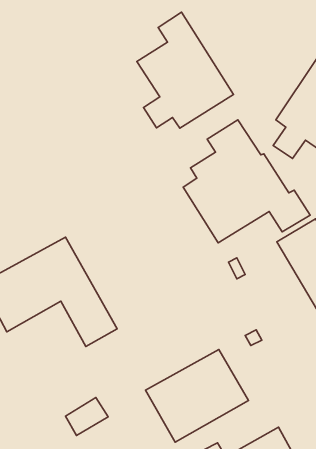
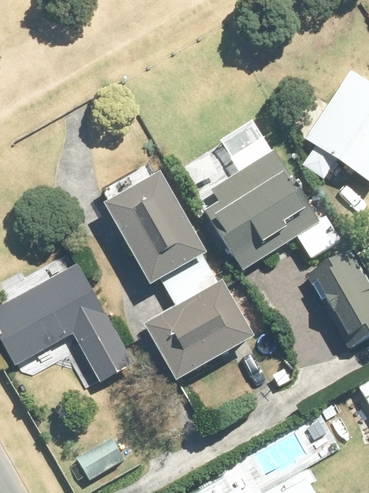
building: [137,12,234,128] -> none
building: none -> [103,171,205,285]
building: [146,349,248,442] -> [143,282,254,382]

